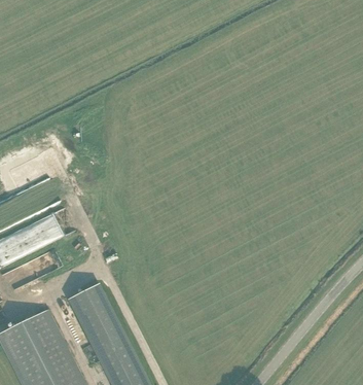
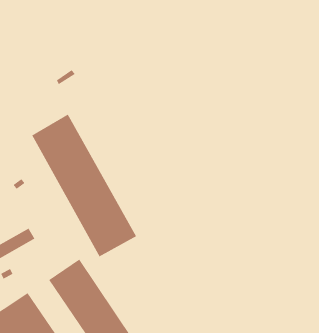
building: none -> [31,113,137,258]

